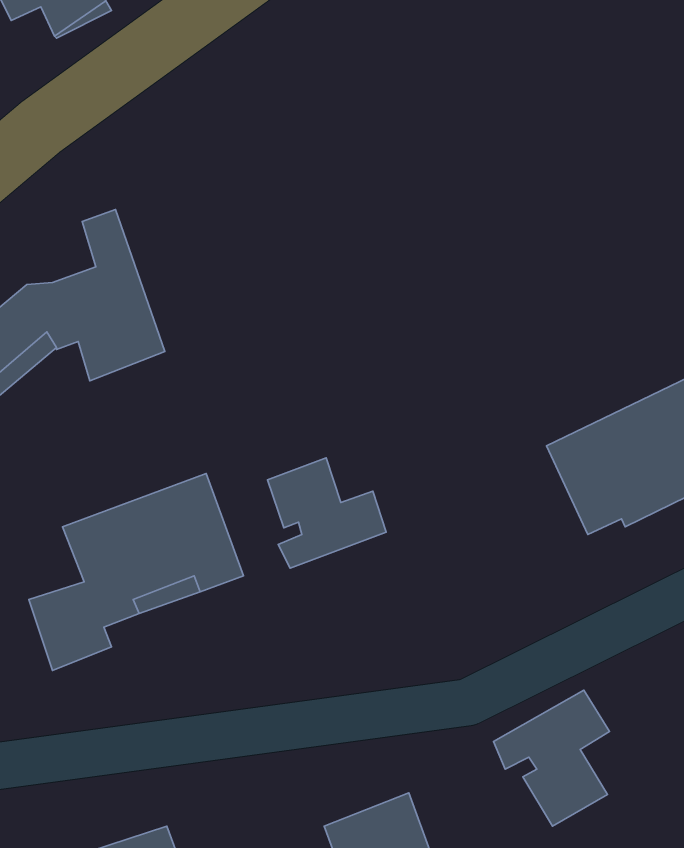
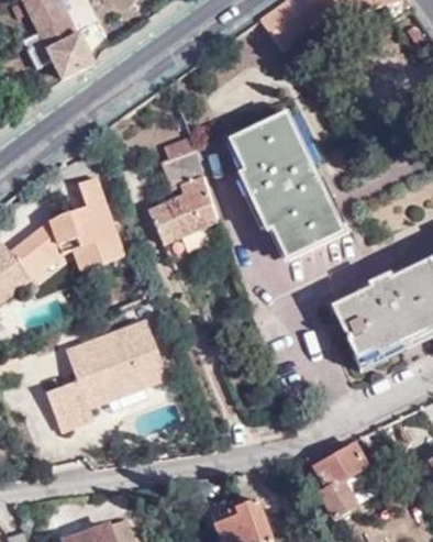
building: none -> [233,114,341,256]
building: none -> [147,132,219,241]
building: [267,458,386,568] -> none

